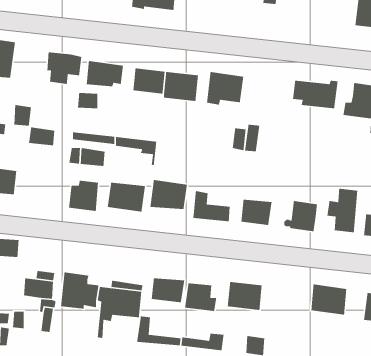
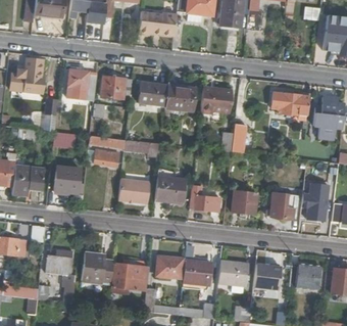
building: [68,180,99,212] -> [53,167,79,193]
building: none -> [253,263,280,287]

